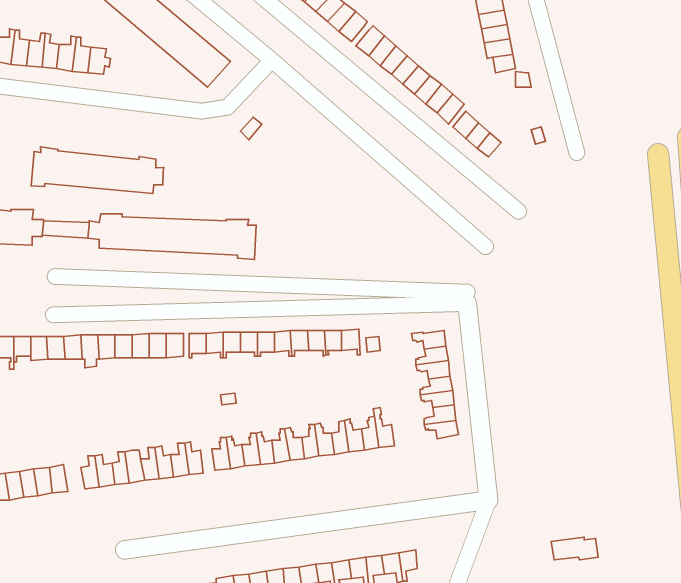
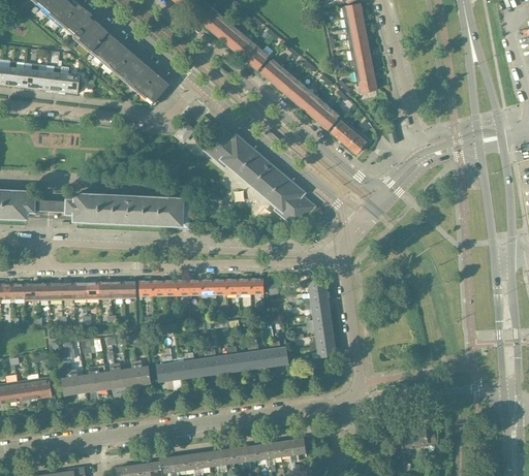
building: none -> [203,127,314,228]
building: [31,147,164,193] -> none

